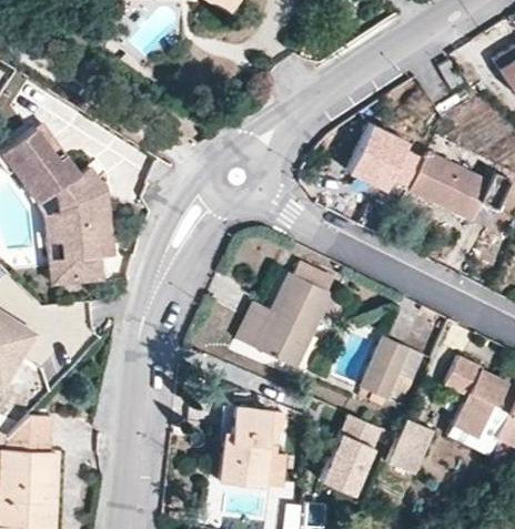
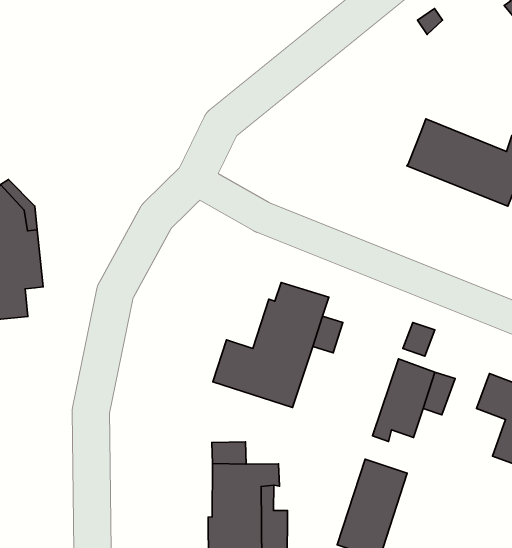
building: [344,122,421,185] -> none
building: [386,420,436,477] -> none

